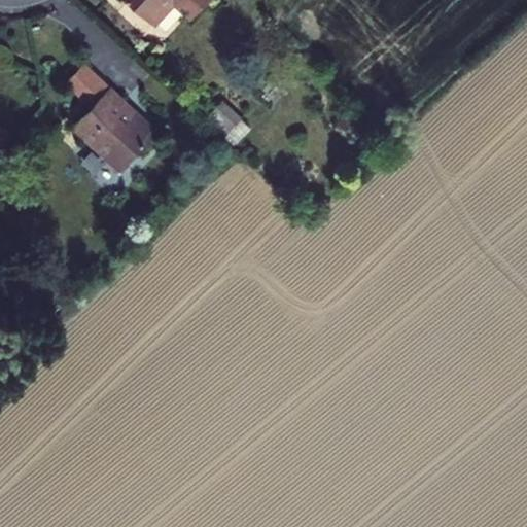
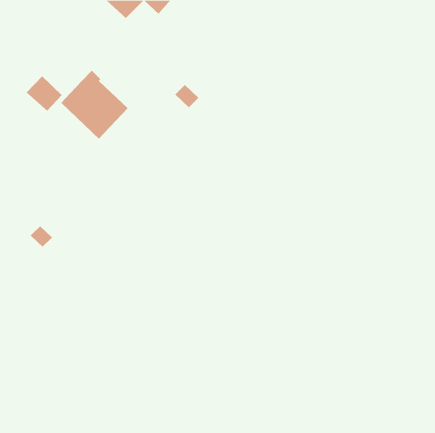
building: [65,65,109,108] -> [26,76,63,111]

